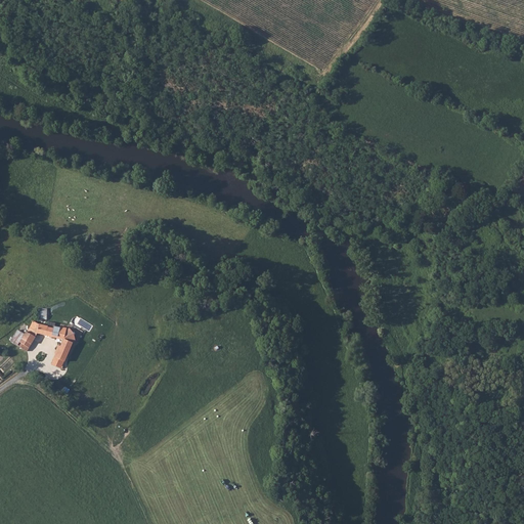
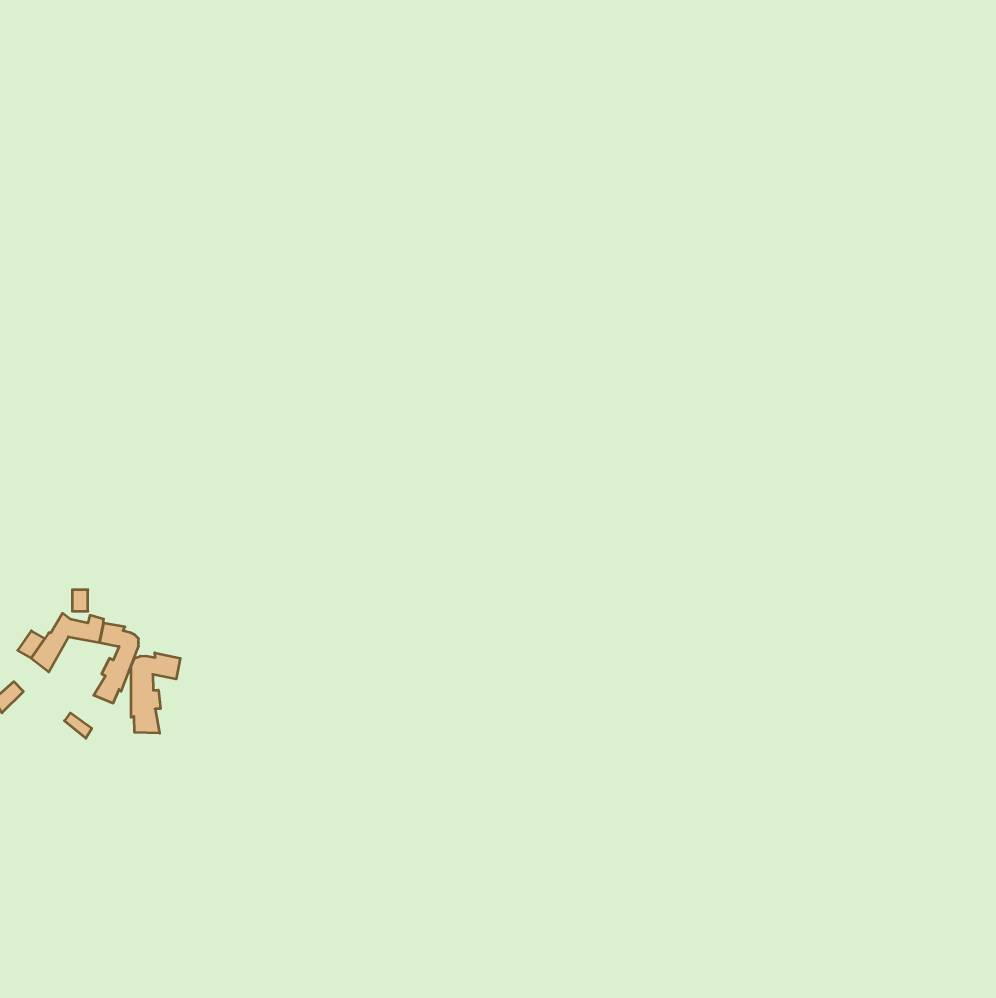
building: none -> [131,653,180,733]

